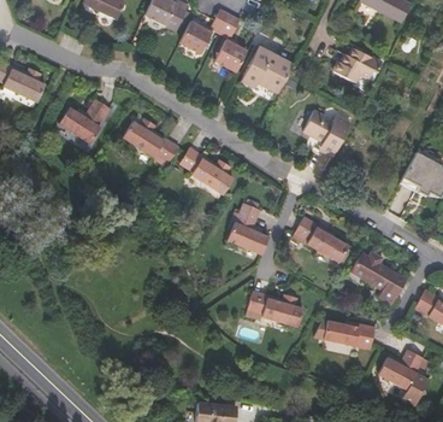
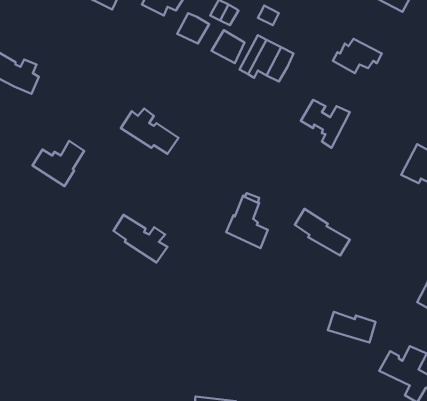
building: [60,99,111,143] -> [33,141,84,186]
building: [181,147,234,194] -> [114,215,168,263]
building: [352,251,408,300] -> none
building: [246,292,303,327] -> none

